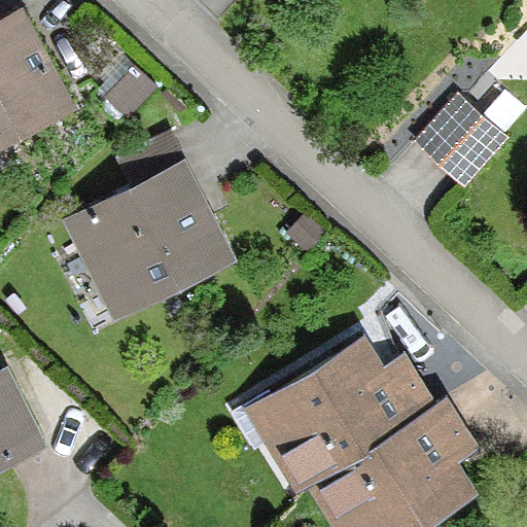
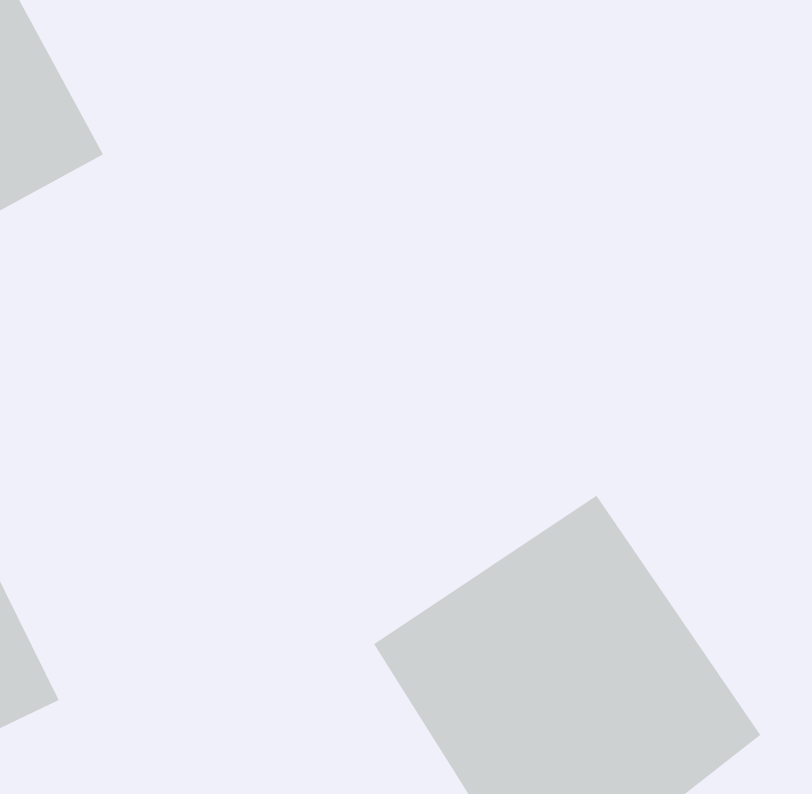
building: [413,94,504,186] -> none
building: [64,155,233,332] -> none

